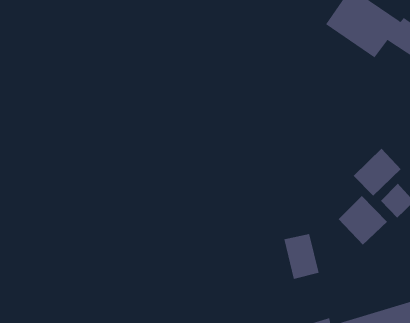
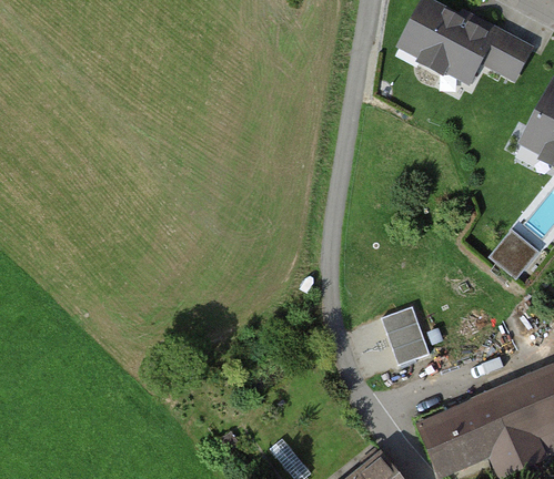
building: [353,148,402,196] -> none
building: [338,195,388,245] -> none

